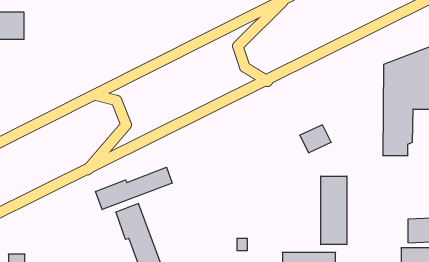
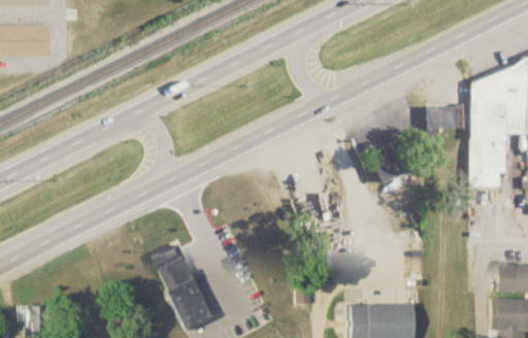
building: none -> [427,108,457,131]
building: [96,167,172,210] -> none
building: [321,176,347,245] -> none

